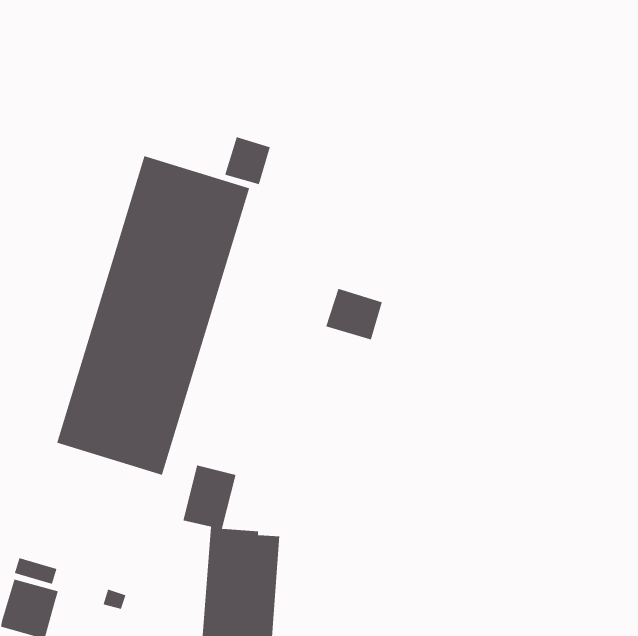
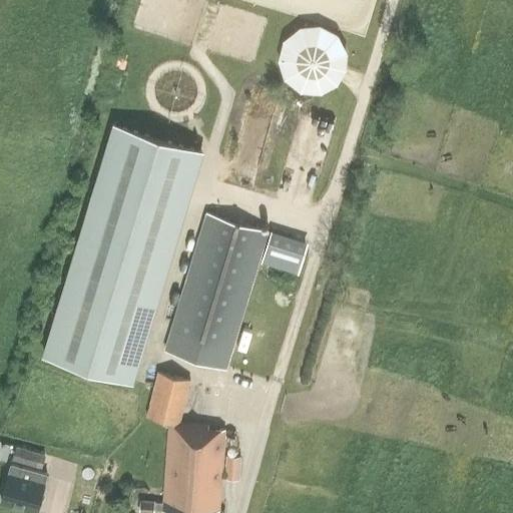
building: none -> [281,29,344,92]
building: [224,136,271,185] -> none
building: none -> [164,215,268,370]

